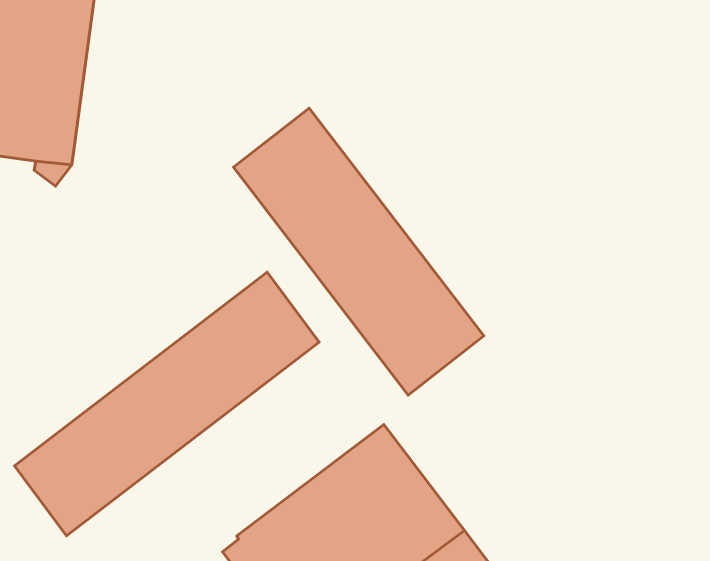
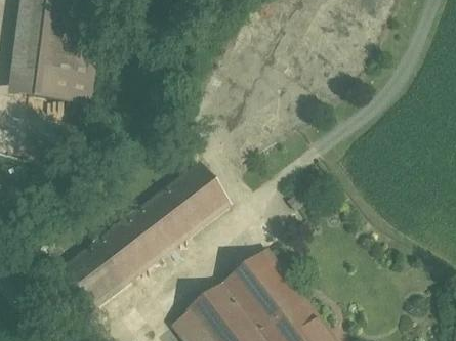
building: [234,108,484,395] -> none

